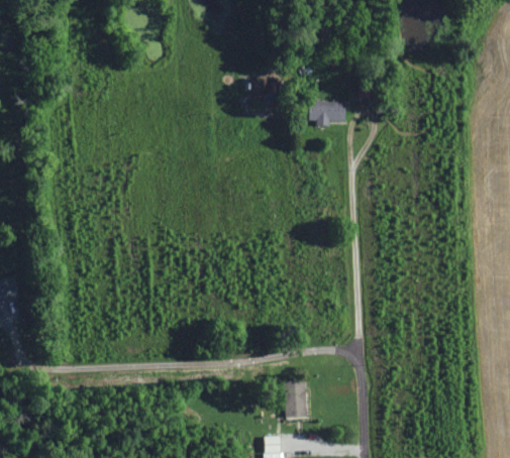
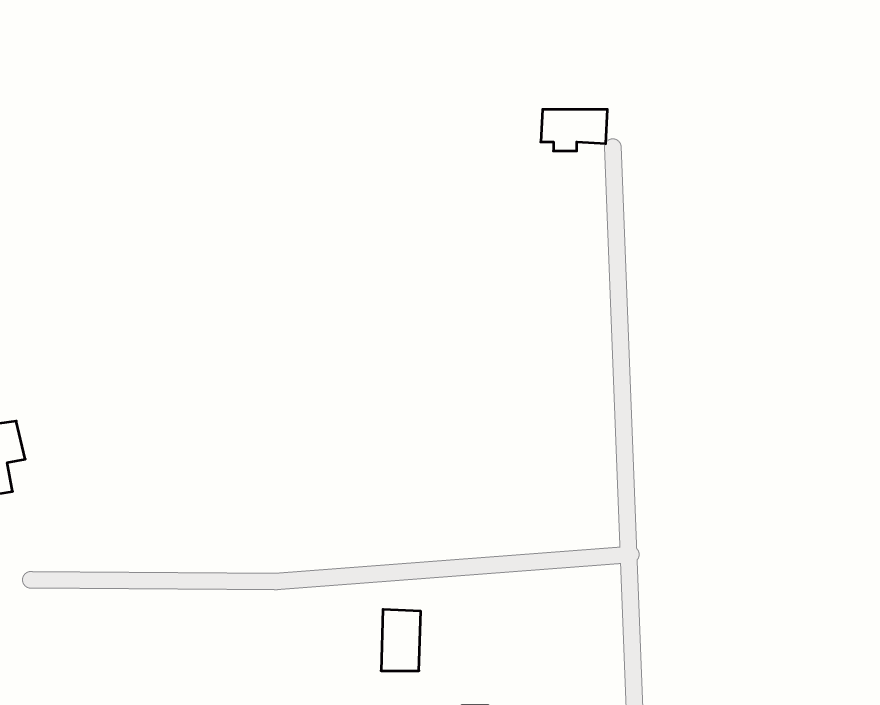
building: [285,382,307,417] -> [381,609,421,671]

